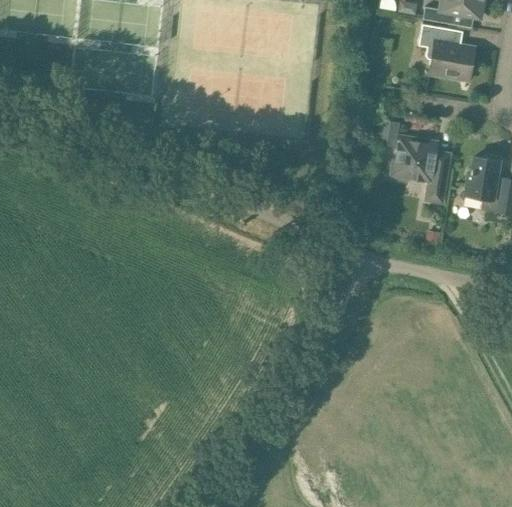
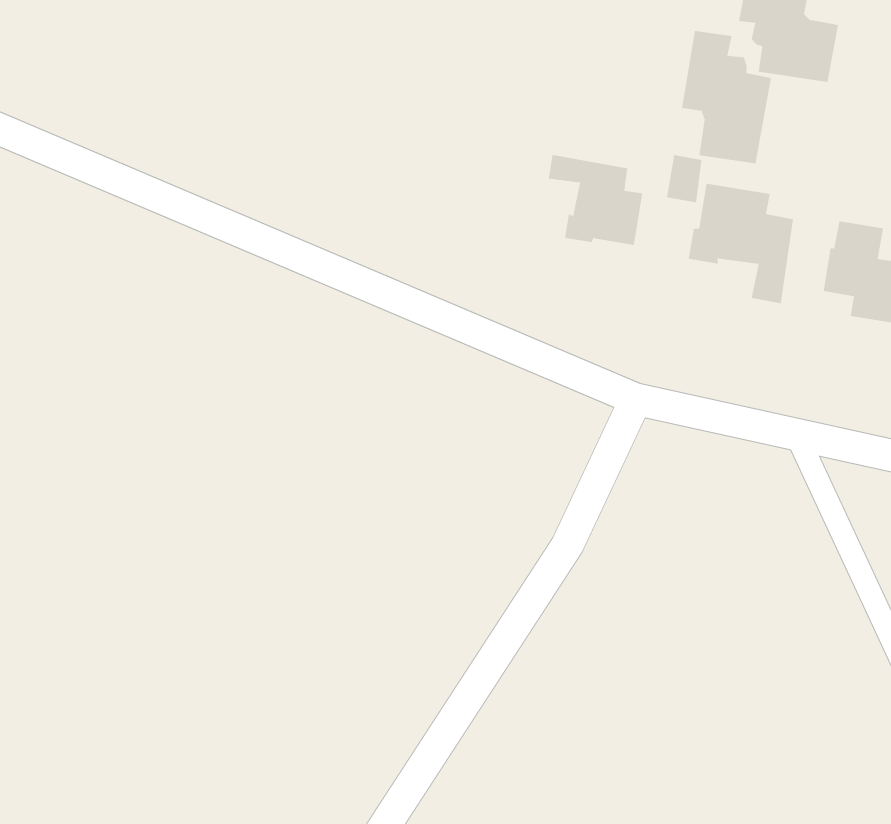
building: none -> [682,30,772,164]
building: none -> [548,154,643,246]

